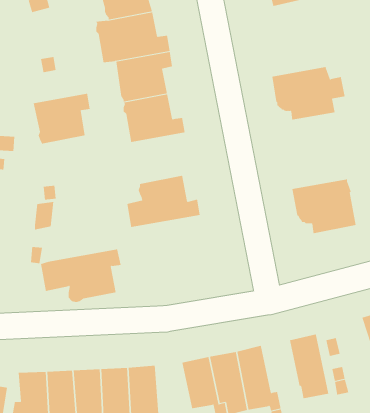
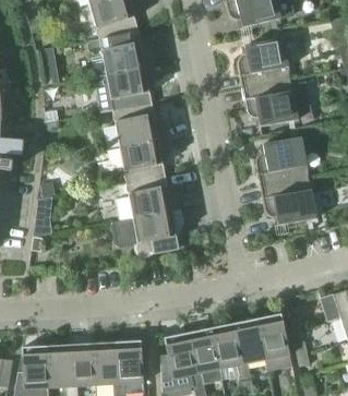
building: none -> [238,38,290,88]
building: [33,93,90,144] -> [119,137,169,182]
building: none -> [256,137,309,187]
building: [40,249,122,303] -> [112,209,183,256]
building: none -> [233,319,266,364]

